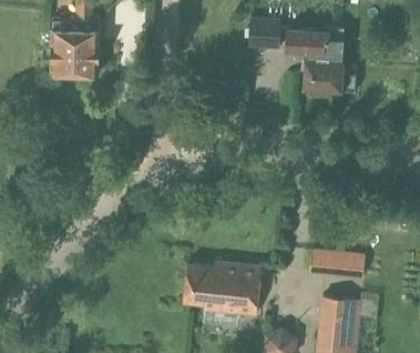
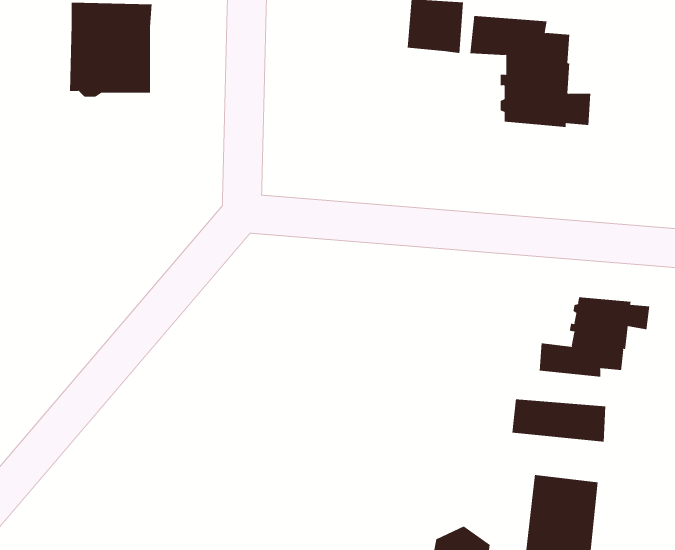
building: none -> [539,297,650,378]
building: [185,261,264,315] -> none

